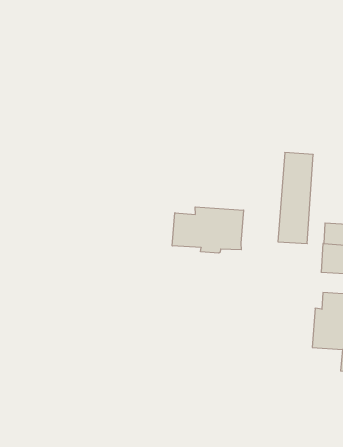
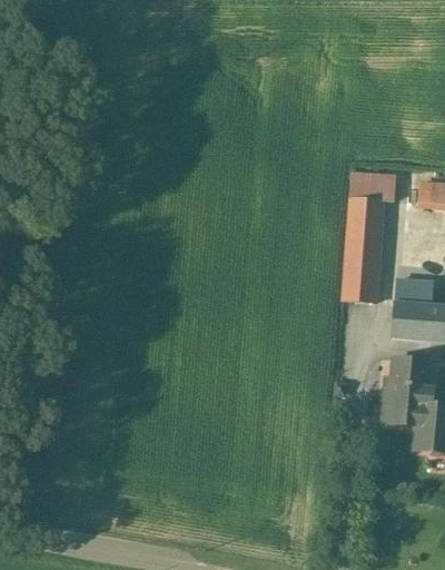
building: none -> [350,180,393,203]
building: [172,207,244,253] -> none

